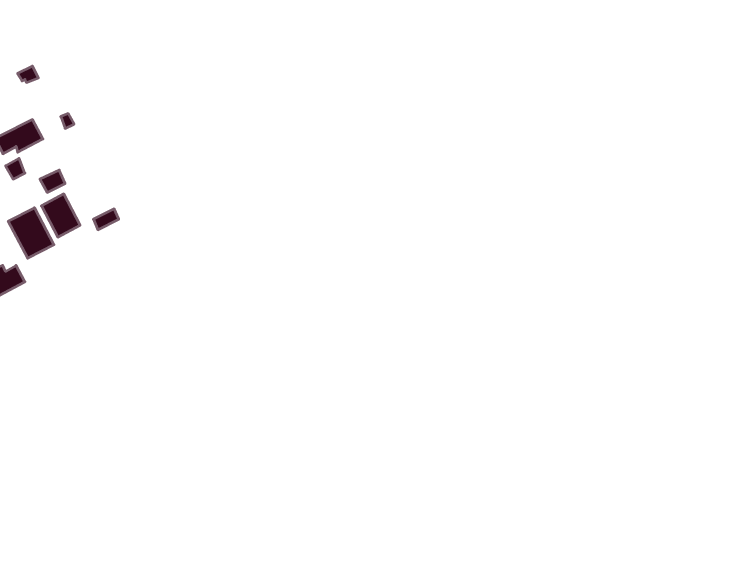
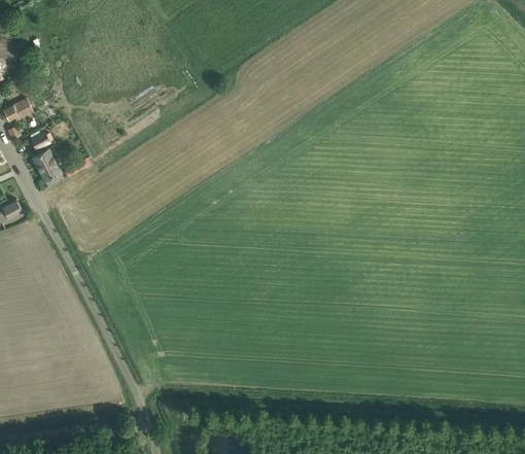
building: [8,208,54,258] -> none

